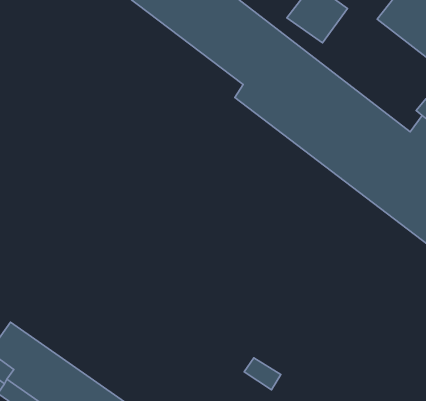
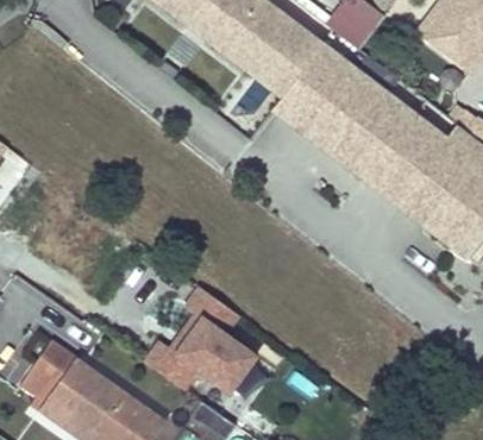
building: none -> [144,290,257,400]

